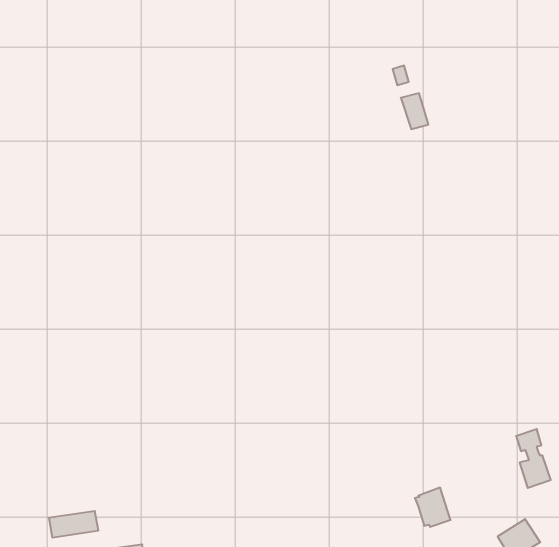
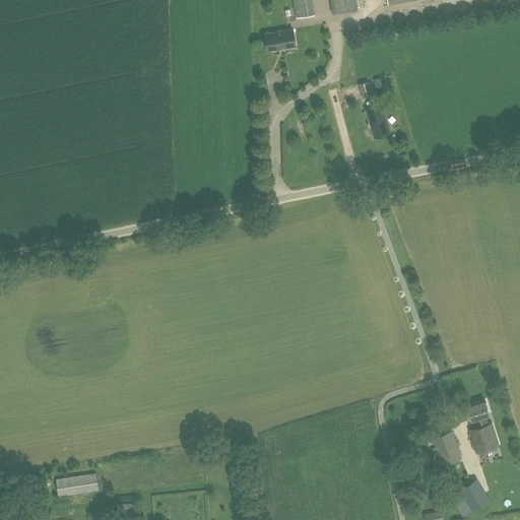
building: none -> [265,29,296,51]
building: [415,488,451,527] -> [430,431,461,465]

